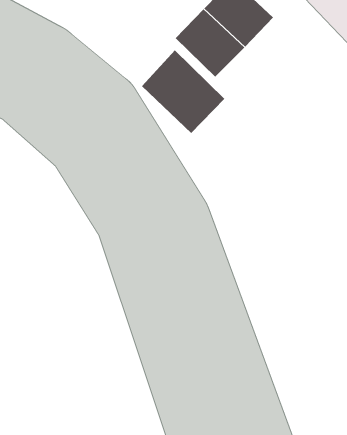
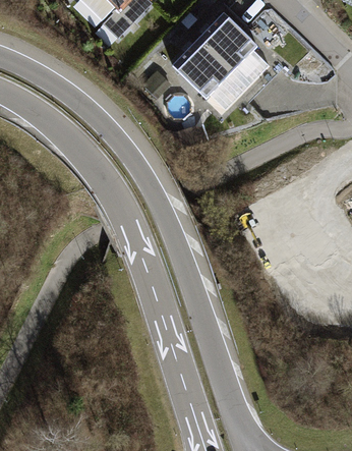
building: [141,50,225,134] -> none

